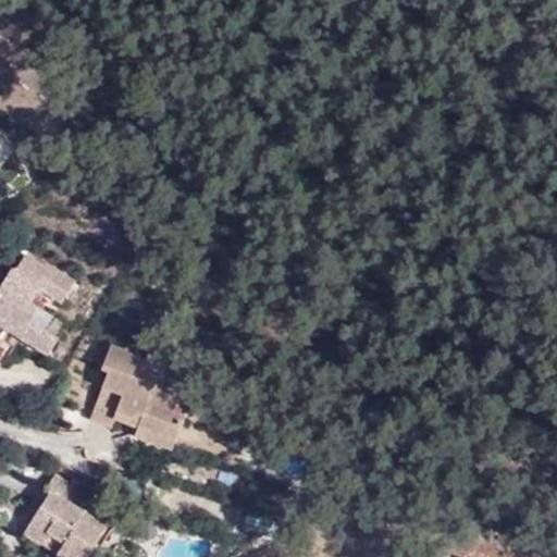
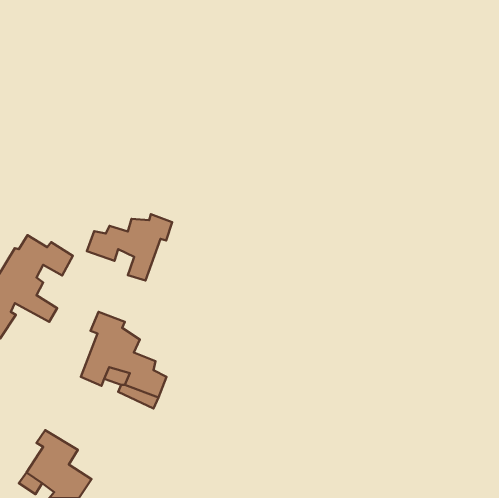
building: none -> [87,214,172,281]

